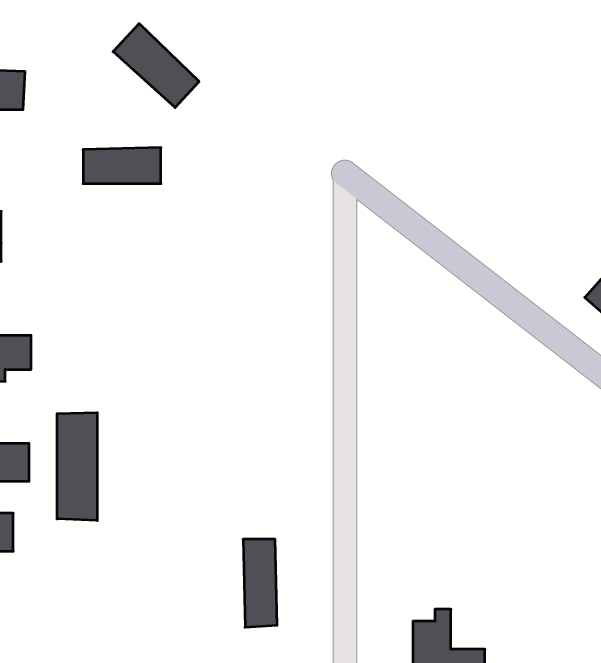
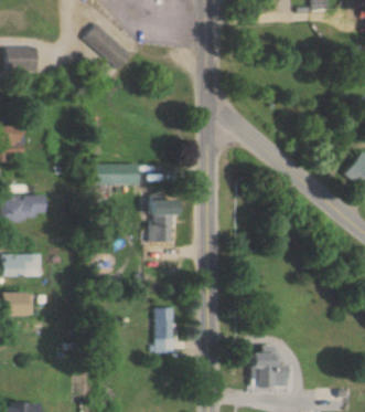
building: [83,148,161,184] -> [97,163,140,183]
building: none -> [150,199,173,241]
building: [57,413,97,521] -> none

